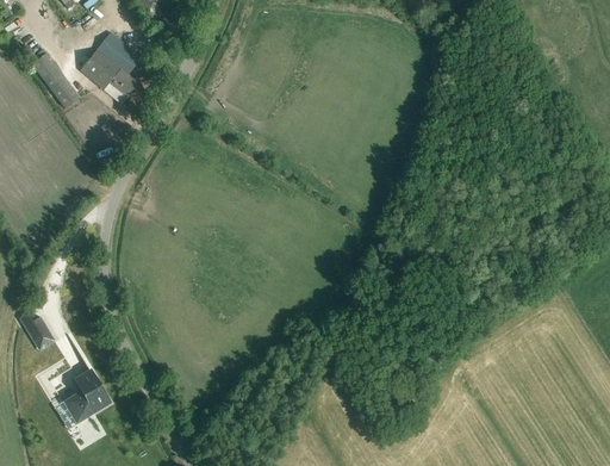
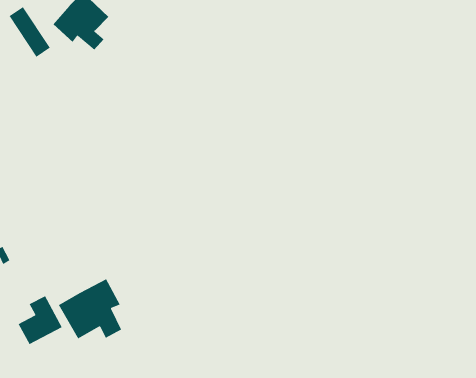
building: none -> [58,278,122,339]

